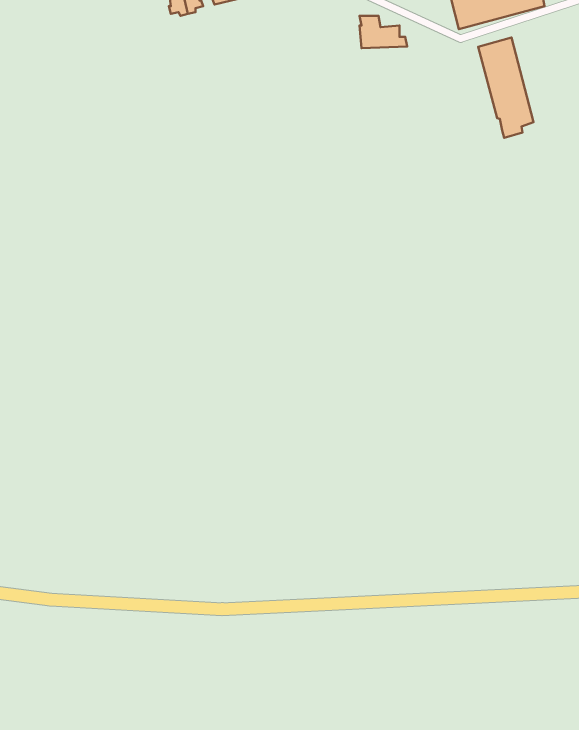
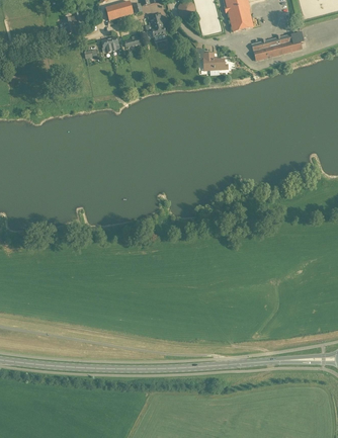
building: [478,38,534,138] -> none

